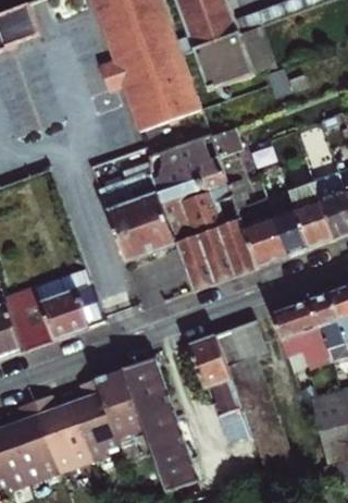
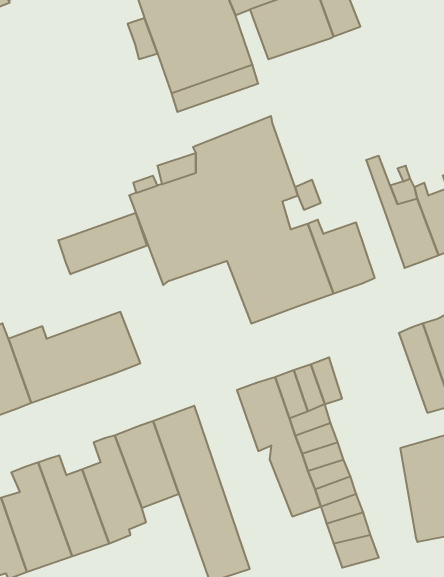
building: [272,201,313,257] -> none
building: none -> [58,213,147,274]
building: [270,299,331,370] -> none

